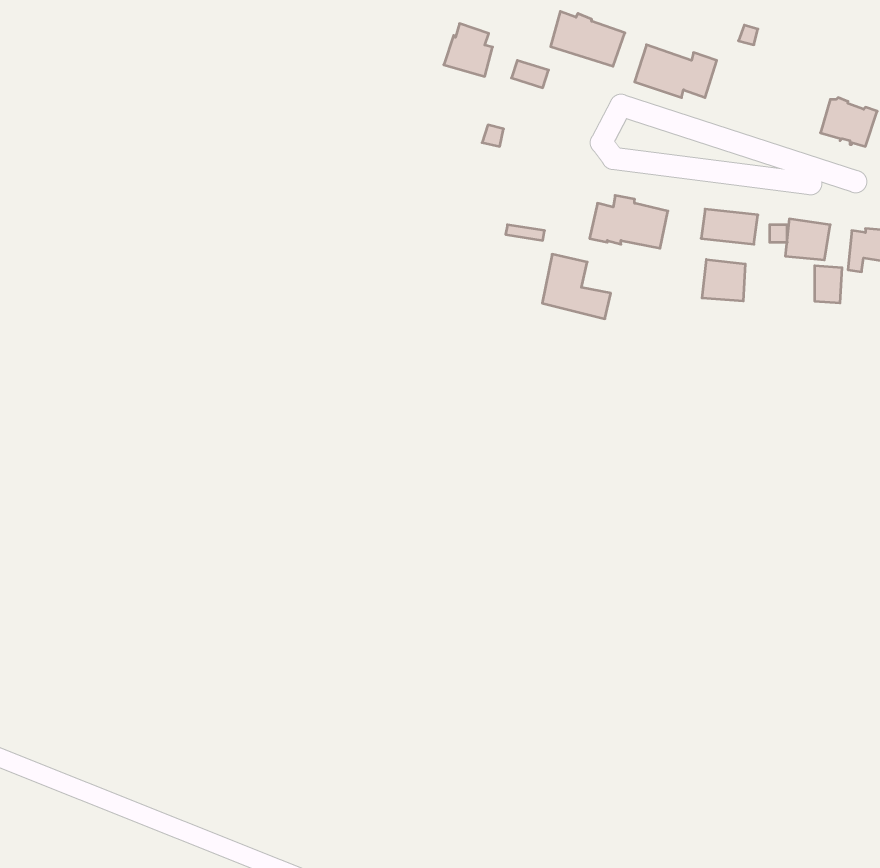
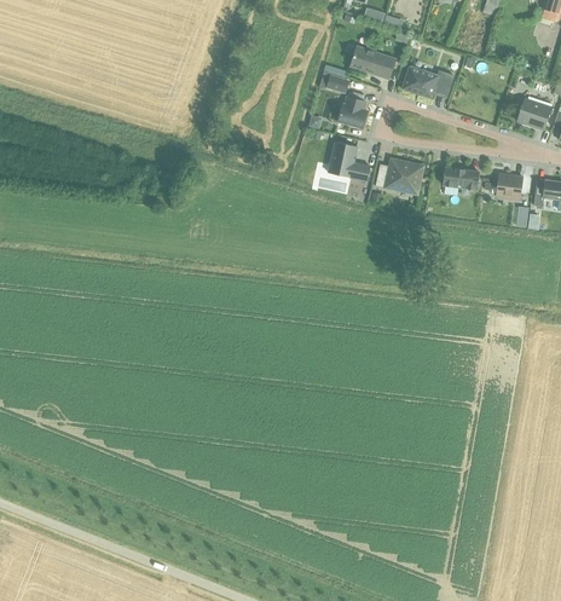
building: [444,24,493,76] -> [337,96,368,128]
building: [542,254,611,319] -> [329,141,371,181]
building: [702,259,745,301] -> none

